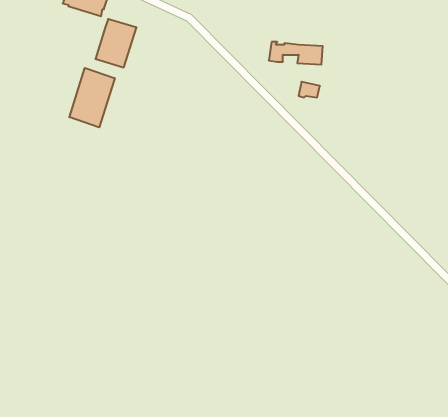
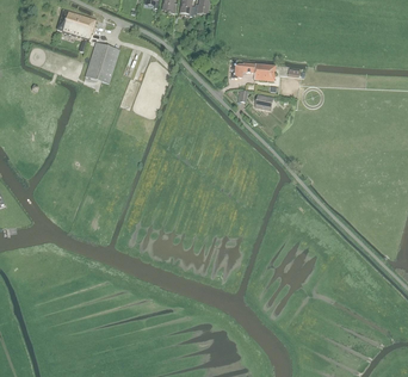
building: [69,68,115,127] -> none

